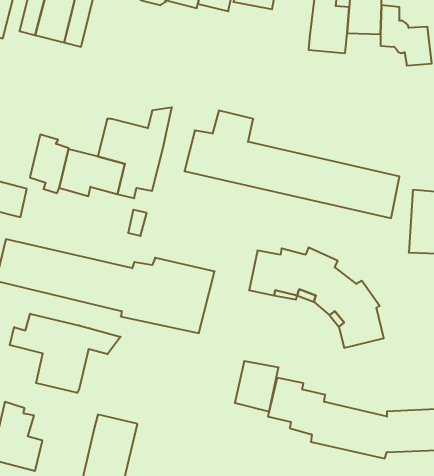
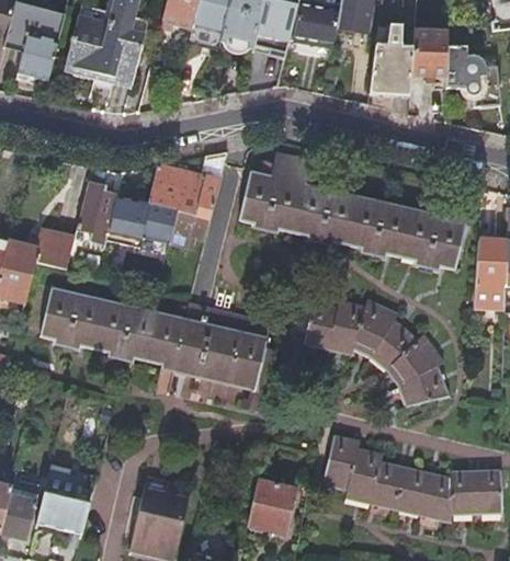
building: [10,314,121,393] -> none
building: [235,361,279,411] -> [248,480,294,533]

